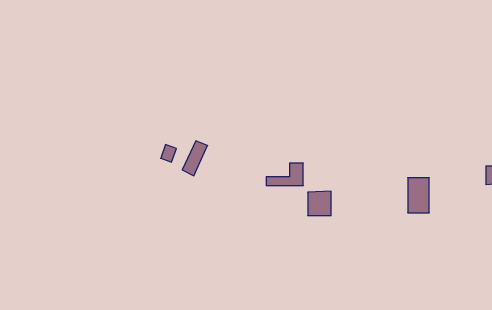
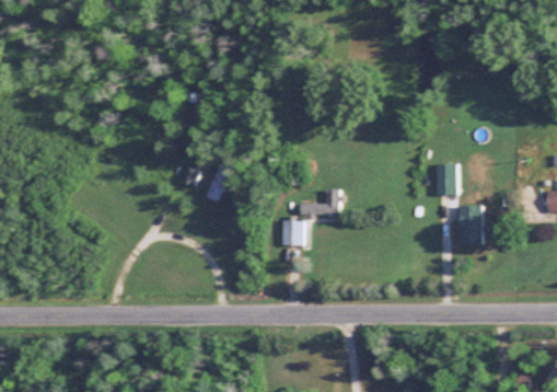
building: none -> [438,164,461,195]
building: [308,191,331,216] -> [282,219,309,246]

